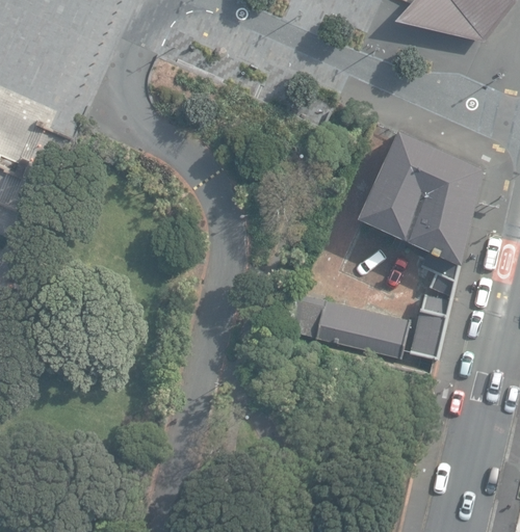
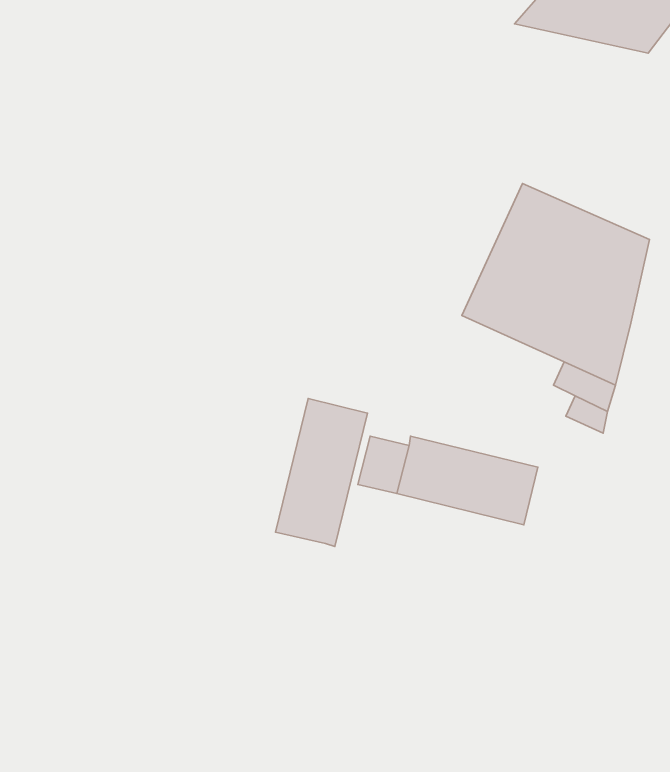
building: none -> [276,399,367,547]
building: [408,293,450,360] -> none

